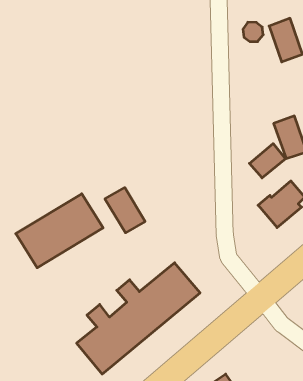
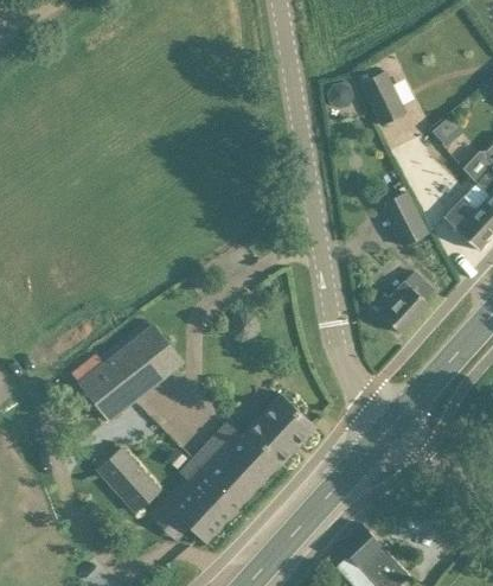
building: [249,144,285,178] -> none
building: [105,188,145,233] -> none
building: none -> [98,447,158,510]

